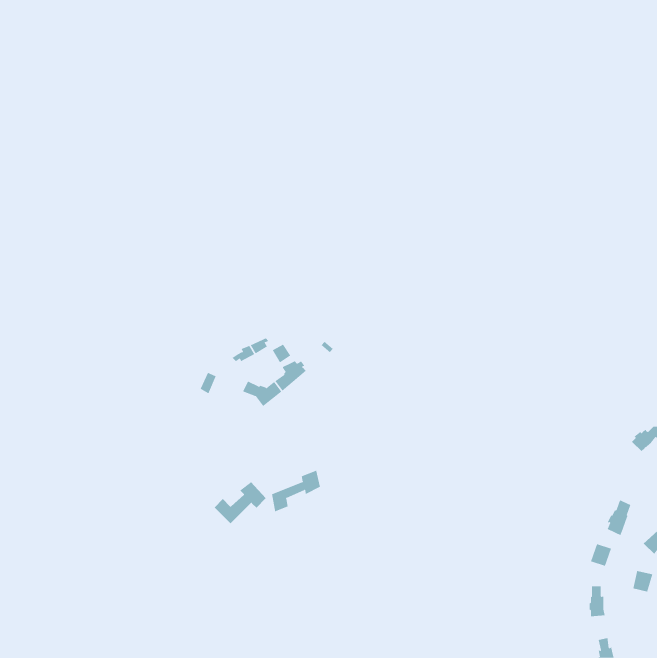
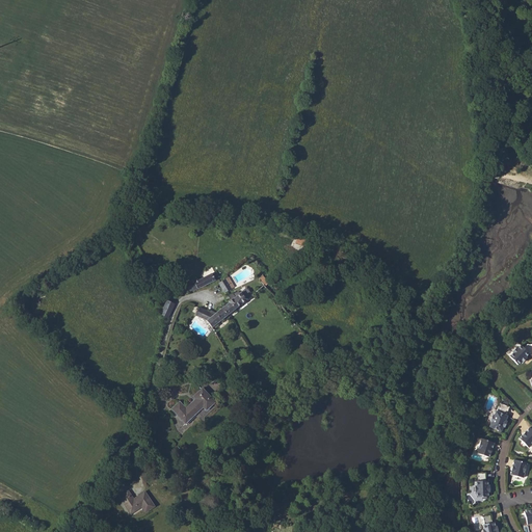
building: [272,470,321,512] -> none
building: none -> [121,490,155,513]

